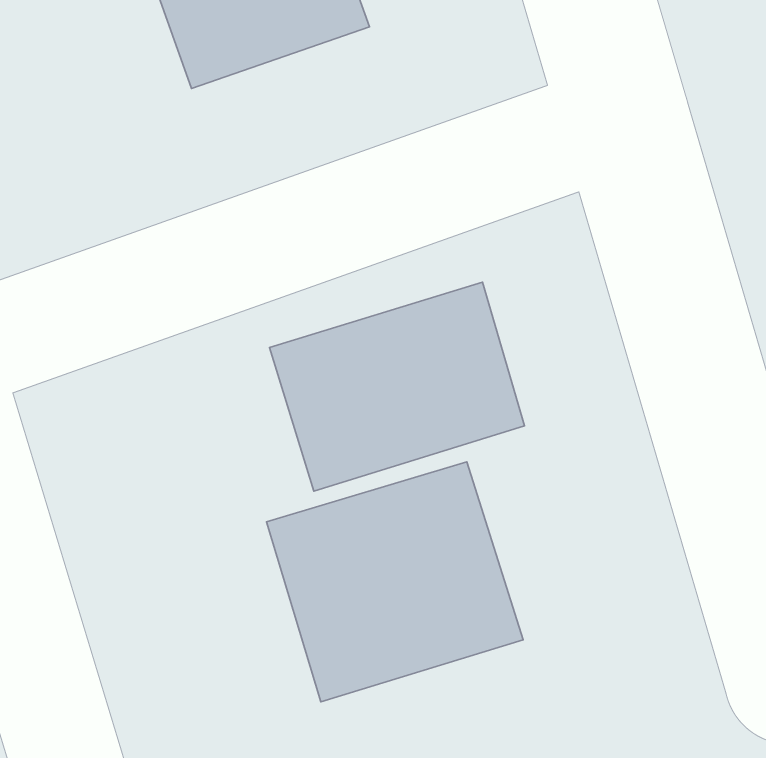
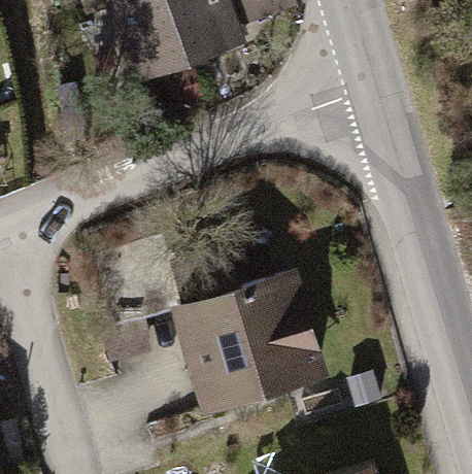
building: [269,282,524,491] -> none

